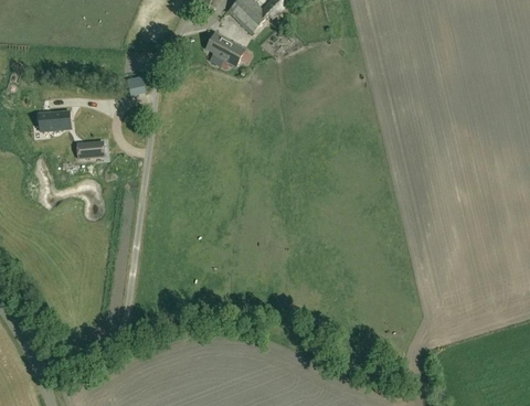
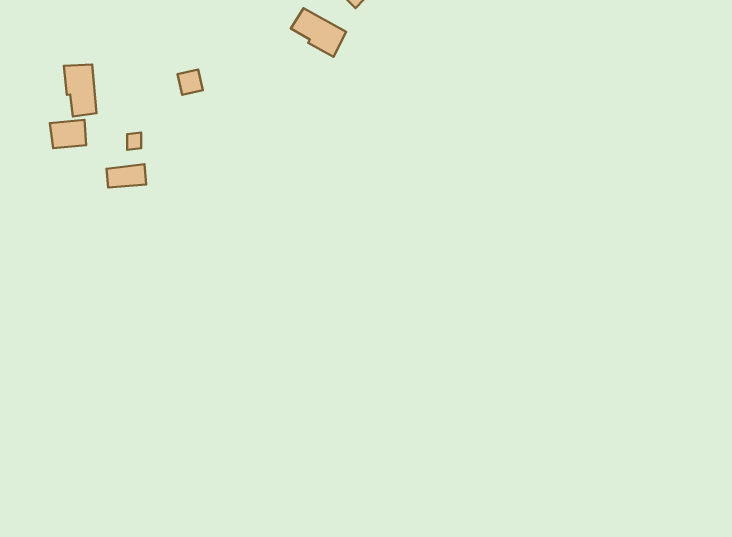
building: none -> [64,65,97,116]

